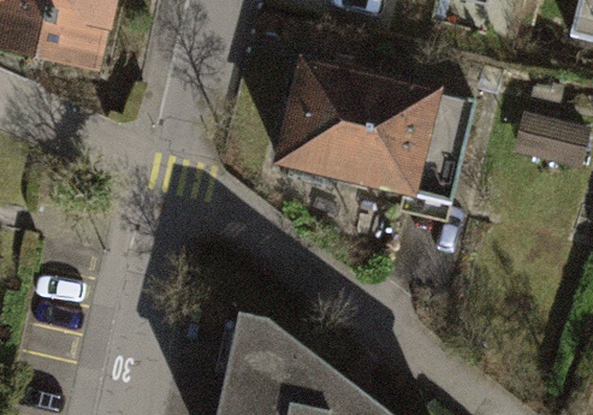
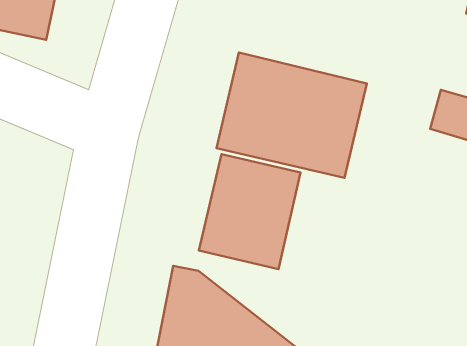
building: none -> [199,154,300,269]

